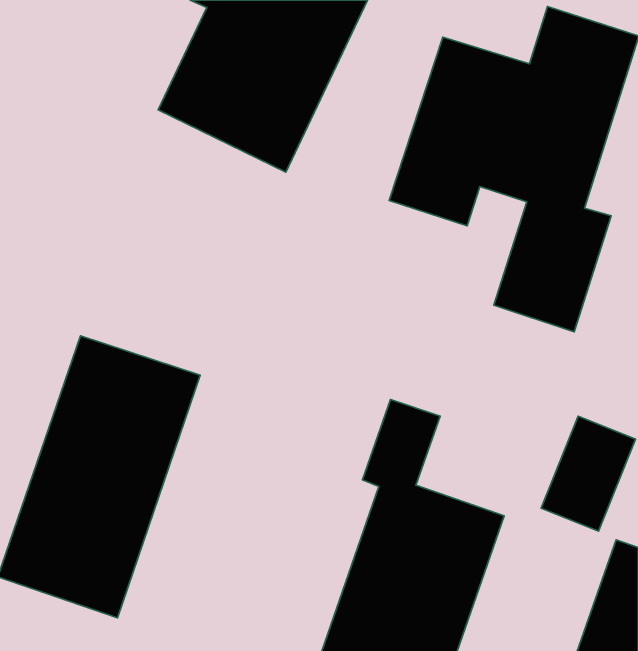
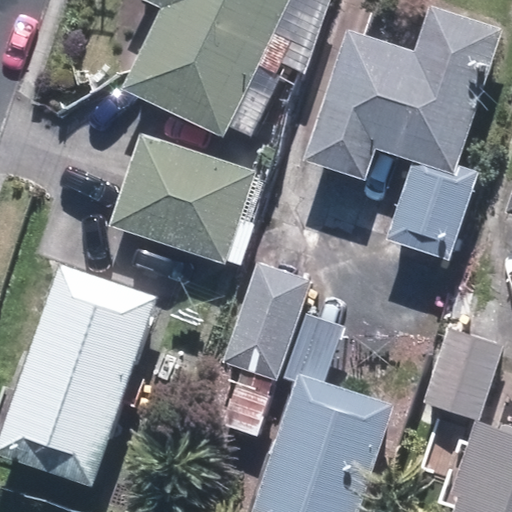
building: none -> [107,133,254,264]
building: none -> [220,262,309,382]

